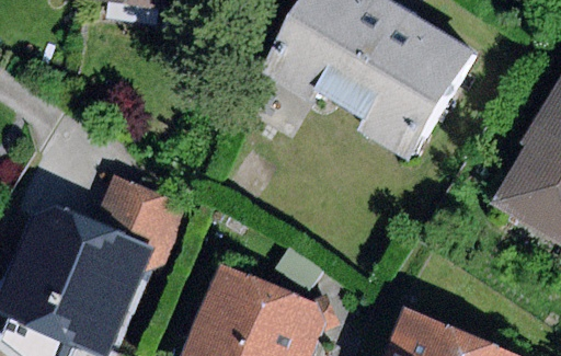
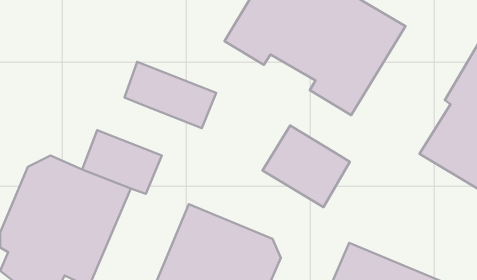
building: none -> [124,62,216,128]
building: none -> [263,125,350,207]

